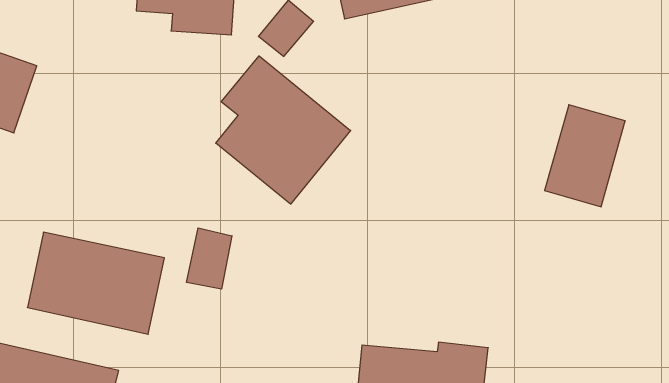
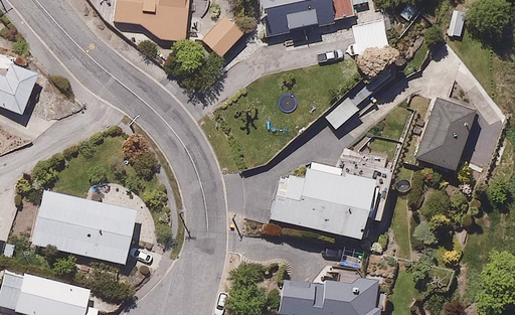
building: [216,56,351,204] -> none
building: none -> [265,150,392,235]
building: [187,228,232,289] -> none

